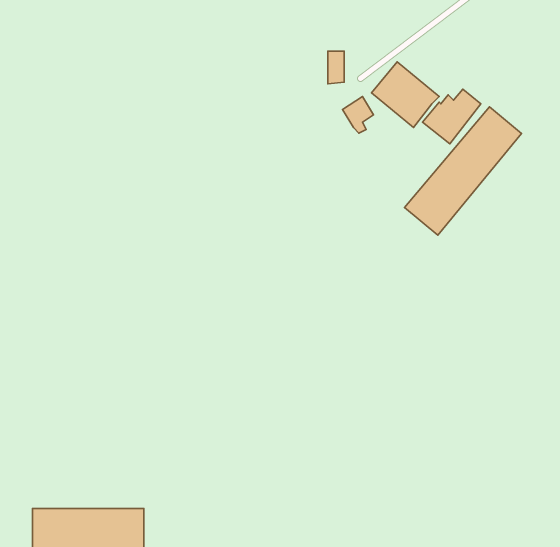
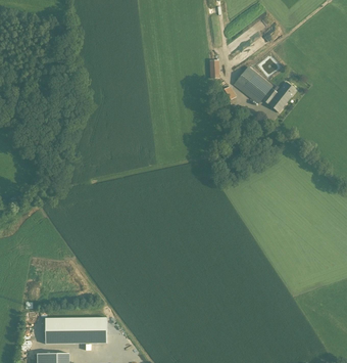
building: [404,107,522,235] -> none

